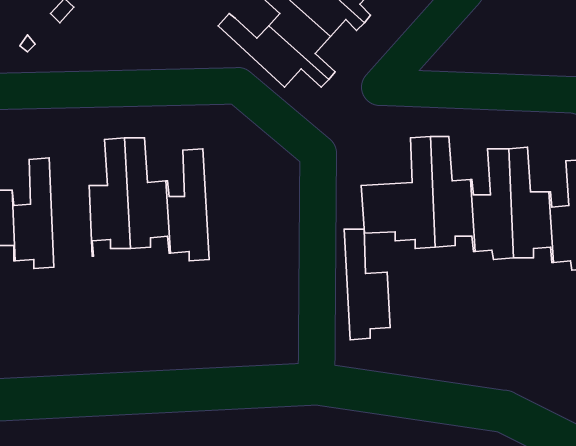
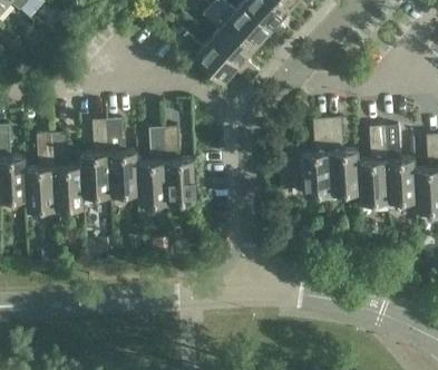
building: none -> [51,133,82,213]
building: [344,229,390,340] -> [163,127,196,207]

